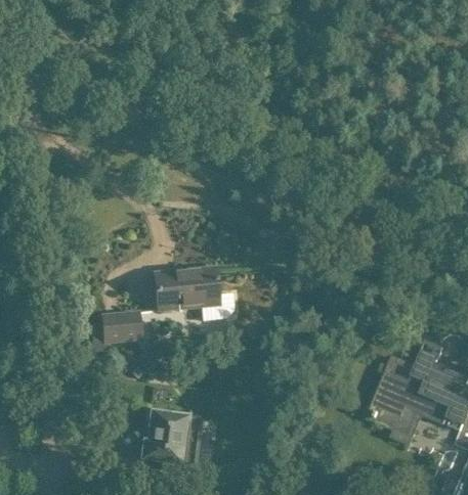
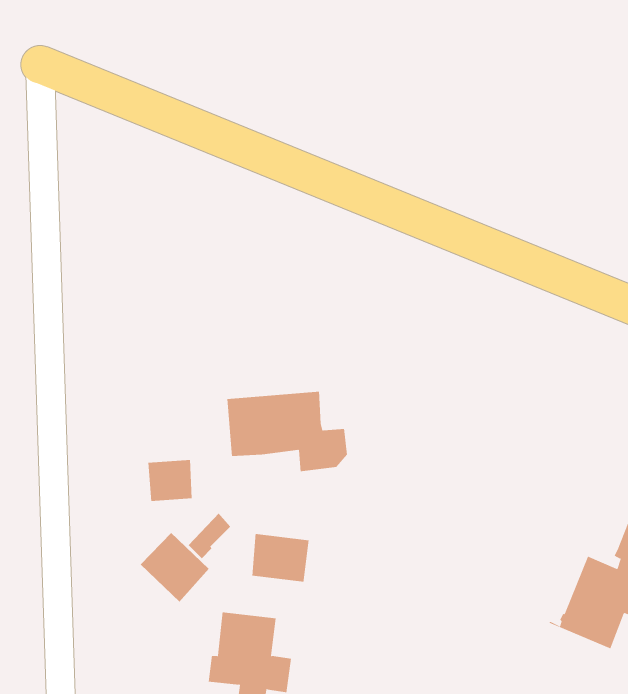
building: none -> [140,532,210,603]
building: none -> [252,533,309,582]

